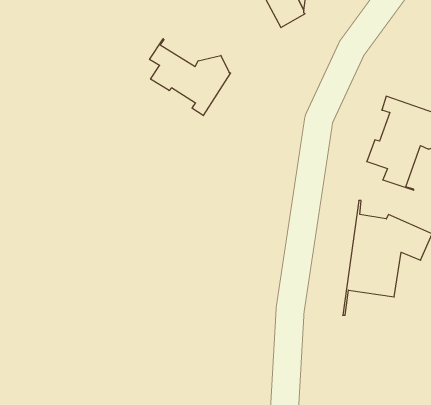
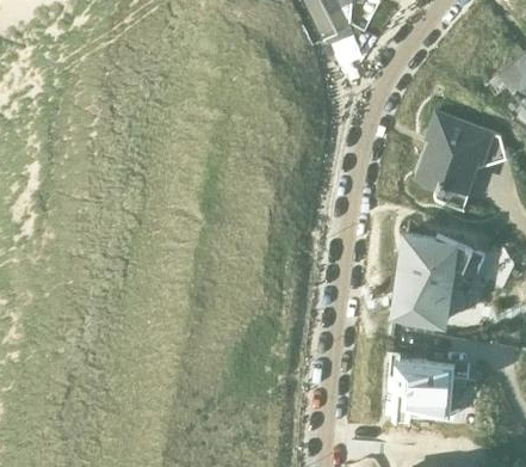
building: [150,39,231,116] -> none
building: none -> [386,358,477,428]

